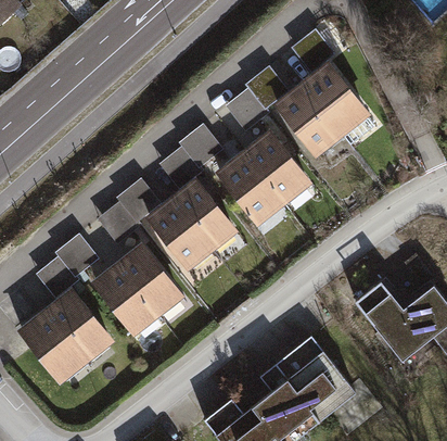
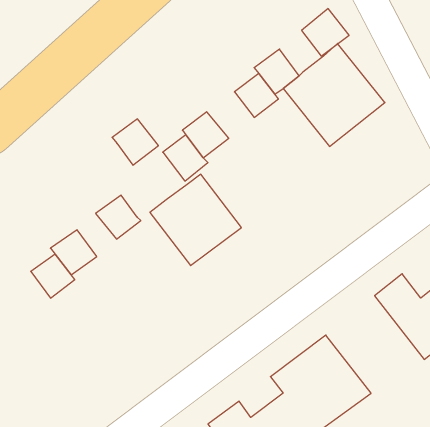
building: [216,134,309,226] -> none
building: [117,180,161,224] -> [112,119,158,165]
building: [92,247,180,335] -> none
building: [18,290,113,383] -> none

